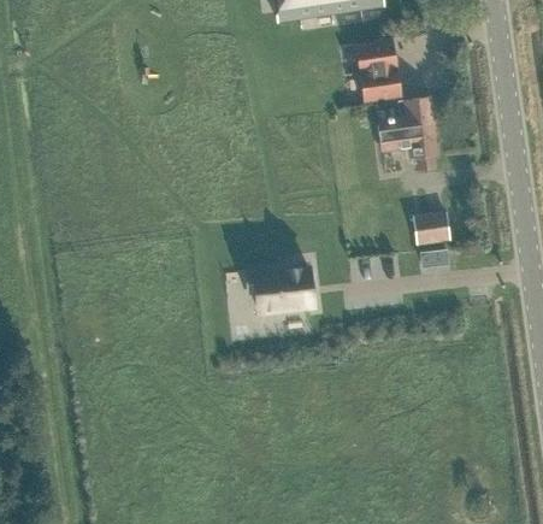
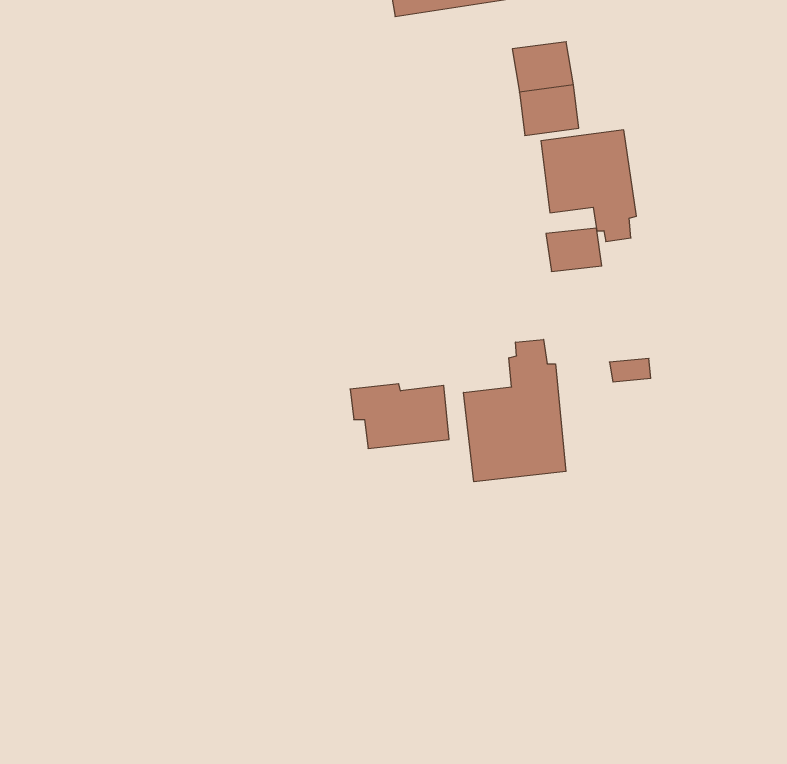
building: [414,213,451,242] -> [546,228,602,271]
building: none -> [464,339,566,482]

